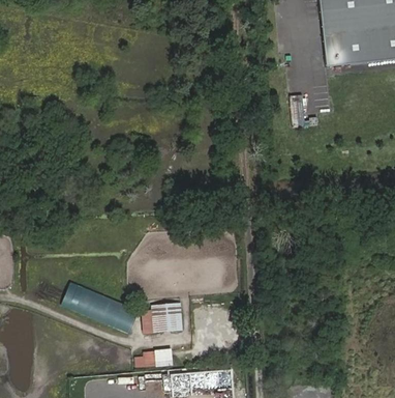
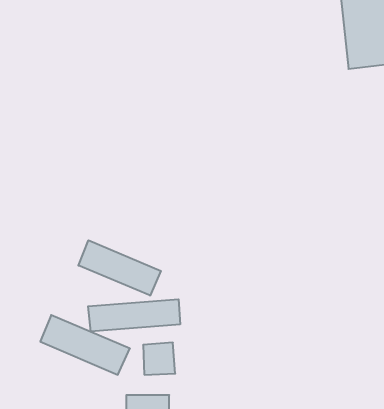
building: none -> [78,240,161,296]
building: none -> [88,299,180,332]

